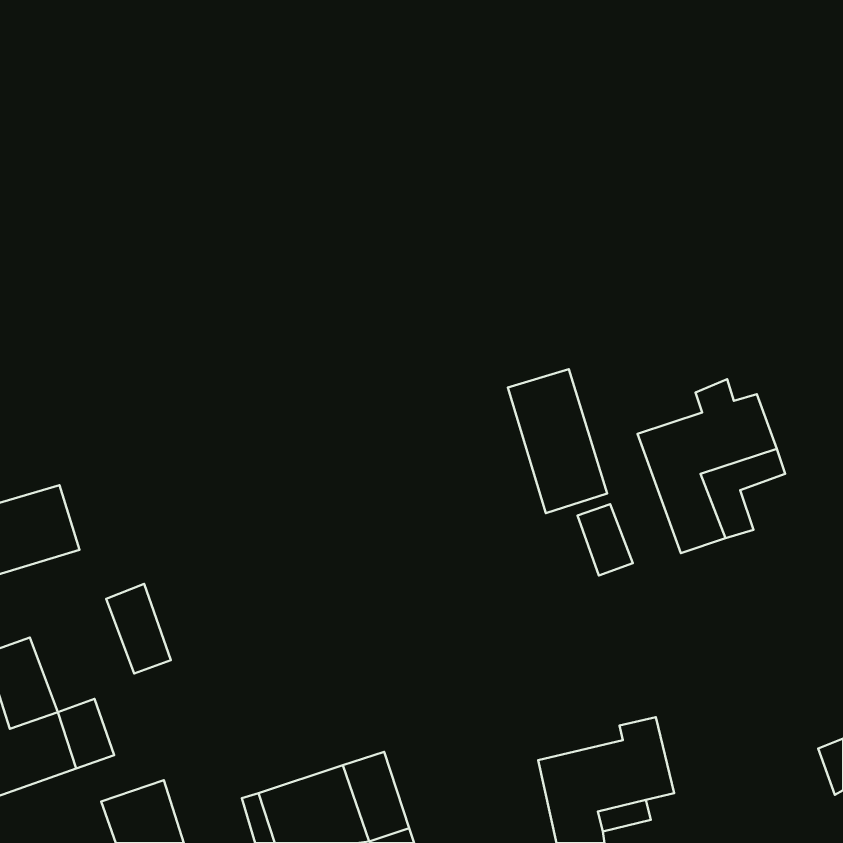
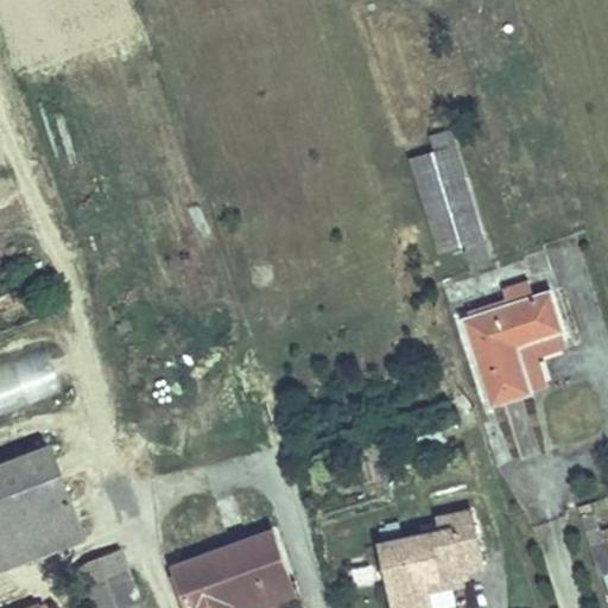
building: [508,369,607,513] -> [405,141,476,245]
building: [577,504,633,576] -> none
building: [106,584,171,673] -> [21,446,68,511]

